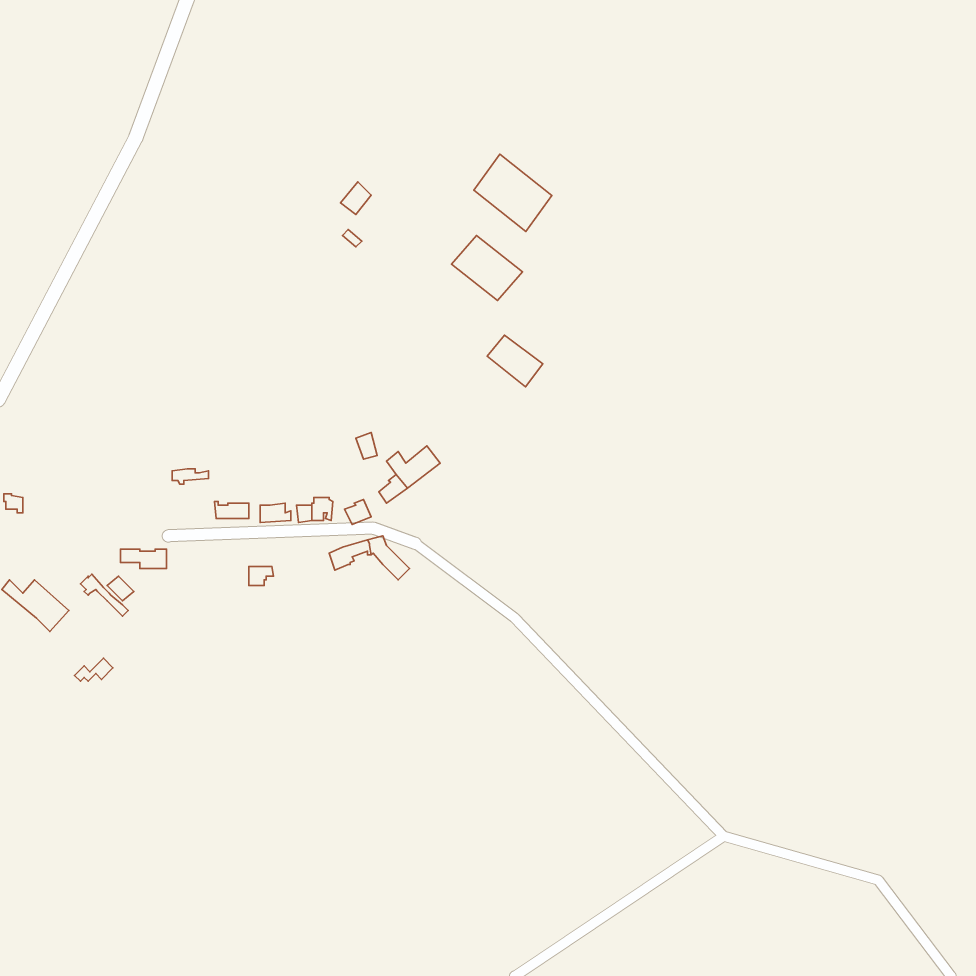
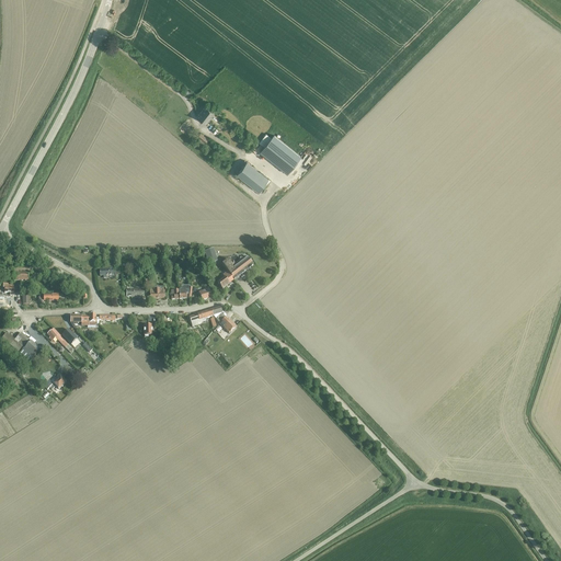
building: [474,154,552,231] -> none
building: [487,335,543,387] -> [236,161,267,191]

